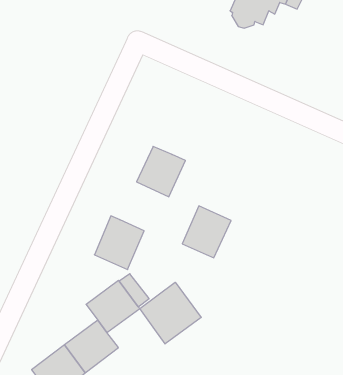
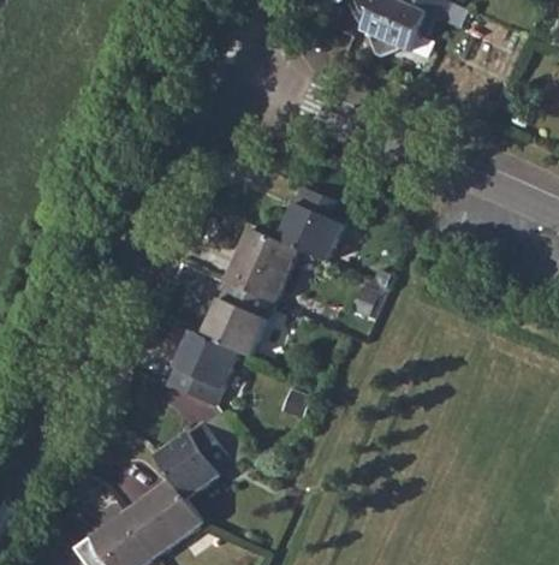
building: none -> [276,186,346,260]
building: [182,206,231,258] -> [201,279,272,355]
building: [140,282,201,344] -> none

